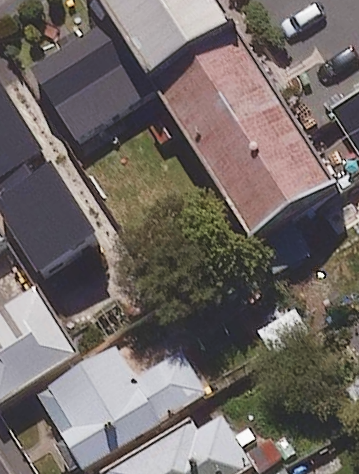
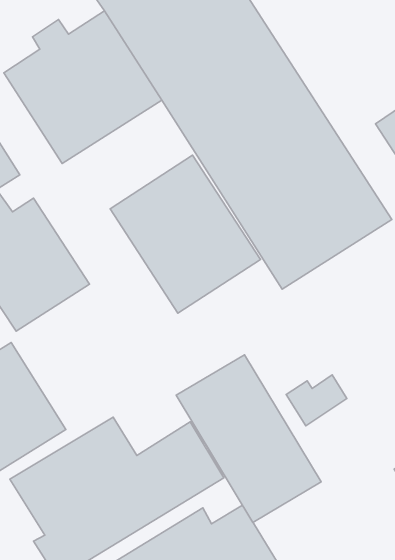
building: none -> [110,155,260,313]
building: none -> [176,355,321,522]

